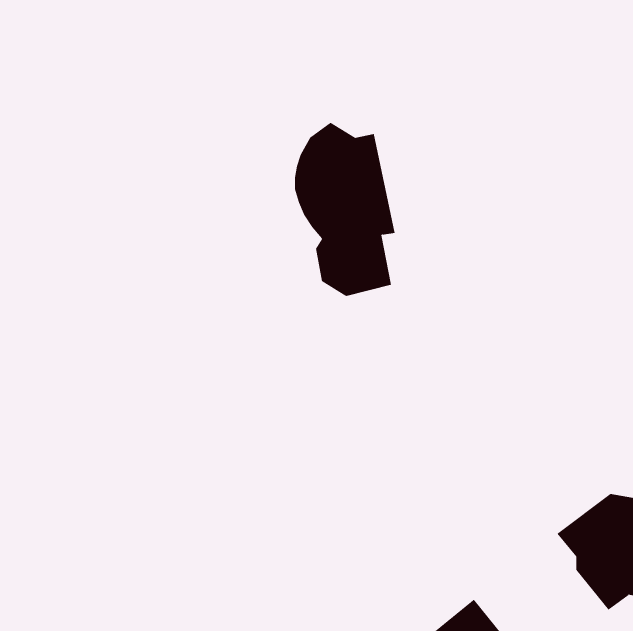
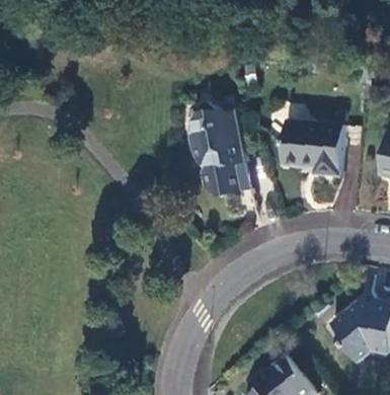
building: none -> [283,121,344,173]

